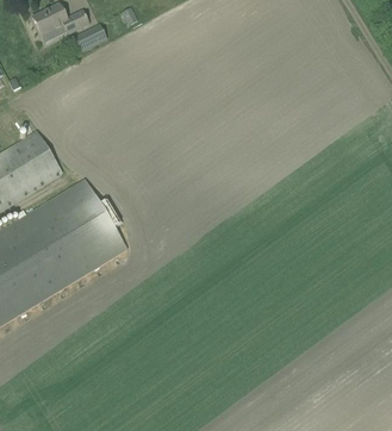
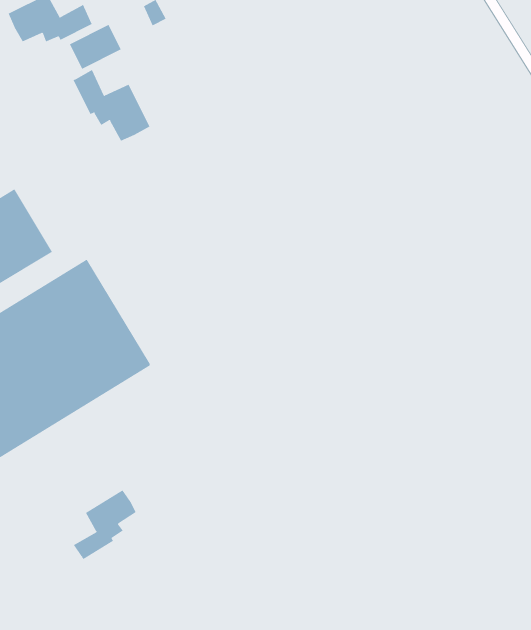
building: none -> [73,69,150,141]
building: none -> [73,489,137,560]

